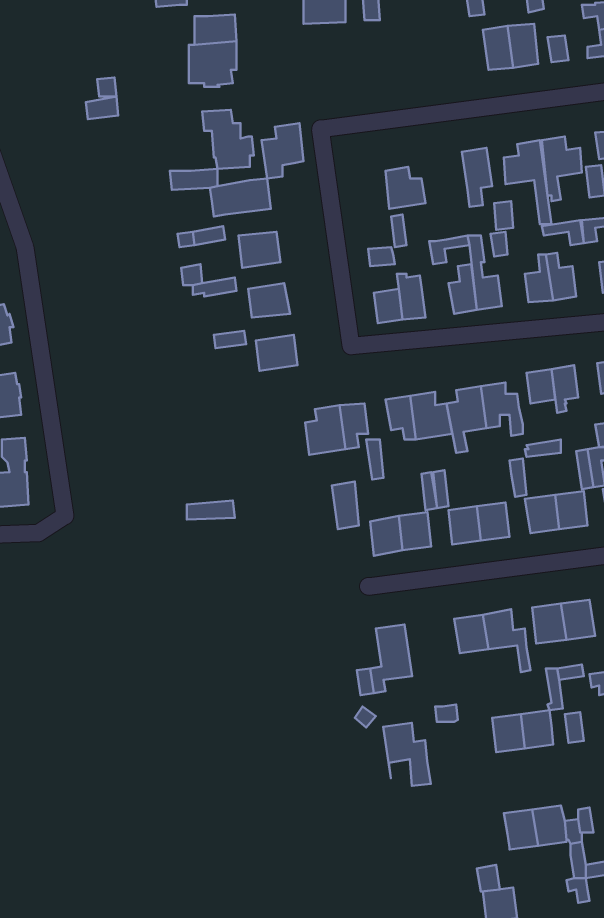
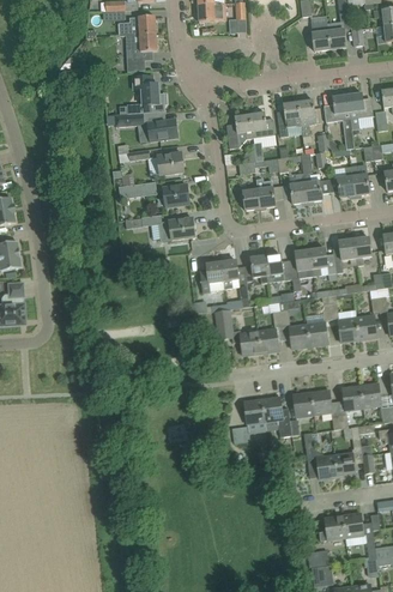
building: [261,123,303,178] -> [225,114,252,149]
building: none -> [276,102,301,137]
building: [383,723,431,786] -> [261,397,291,436]

